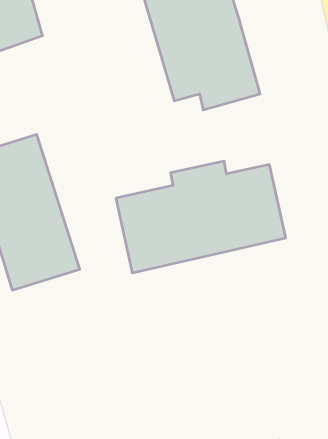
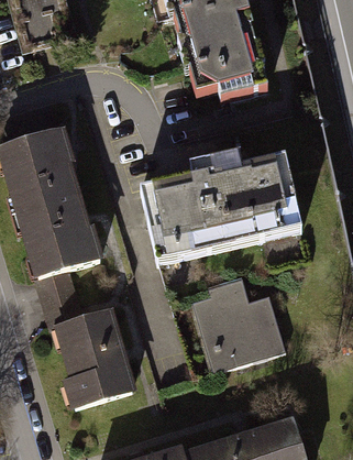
building: none -> [188,275,279,372]
building: none -> [55,308,134,408]

